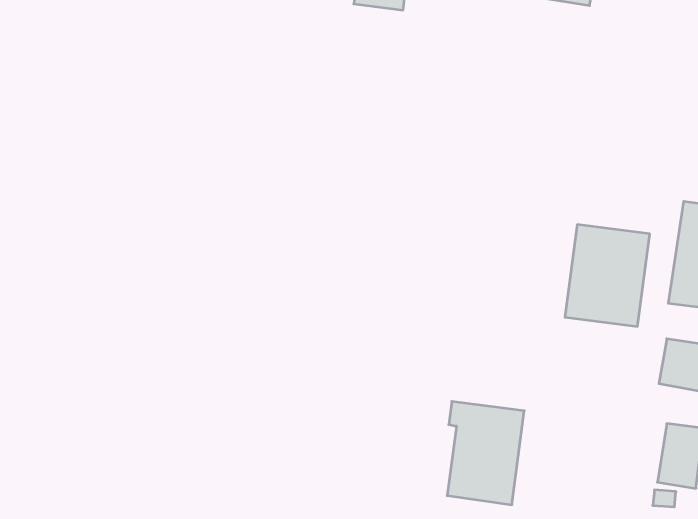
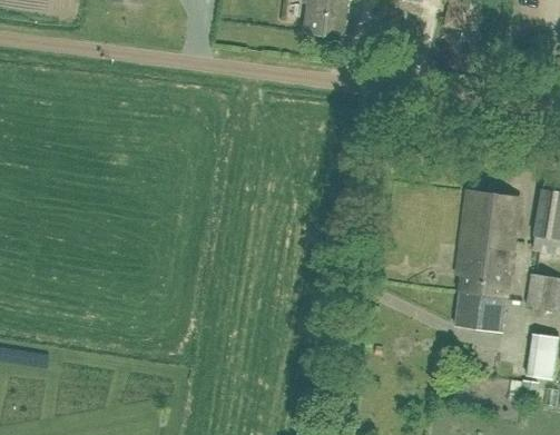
building: [447,401,524,505] -> [454,256,510,330]

